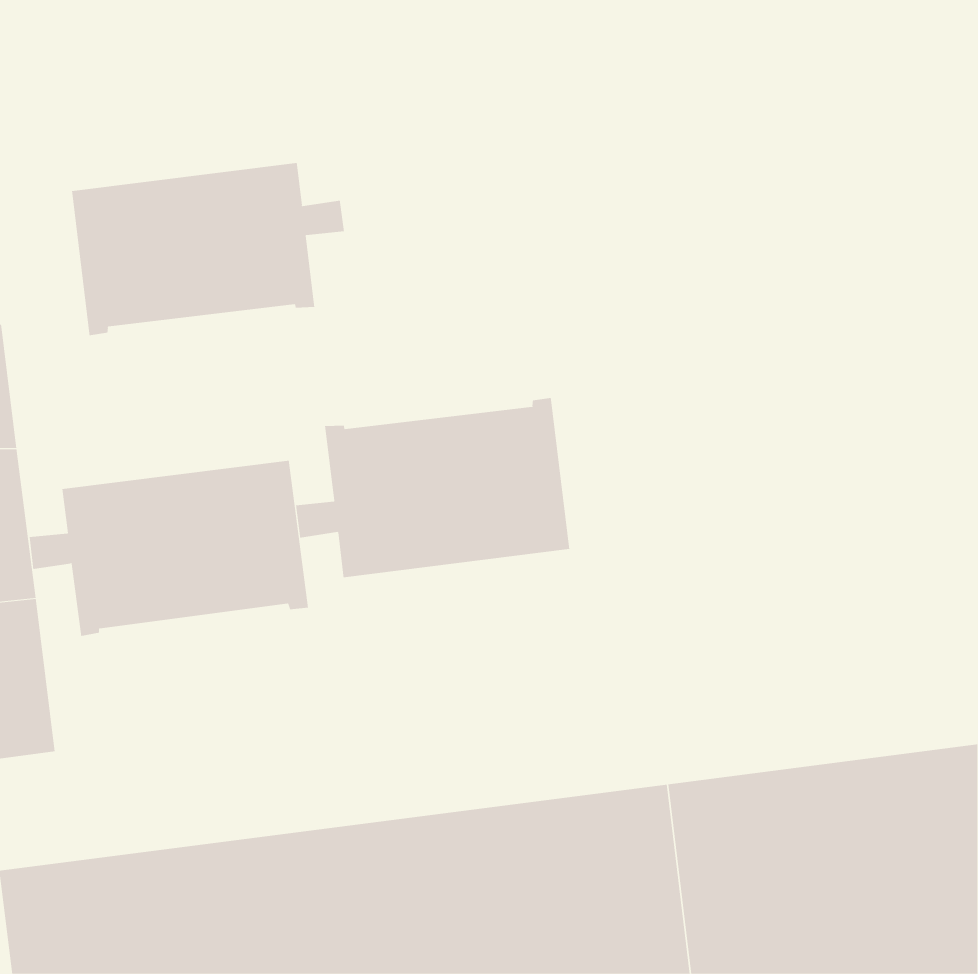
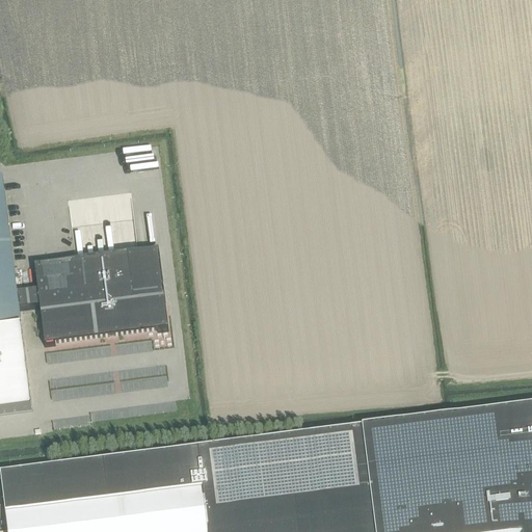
building: [71,162,344,336] -> none
building: [295,397,570,578] -> none

